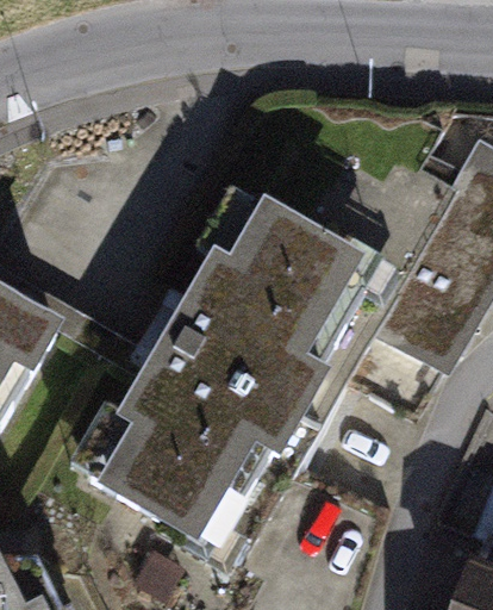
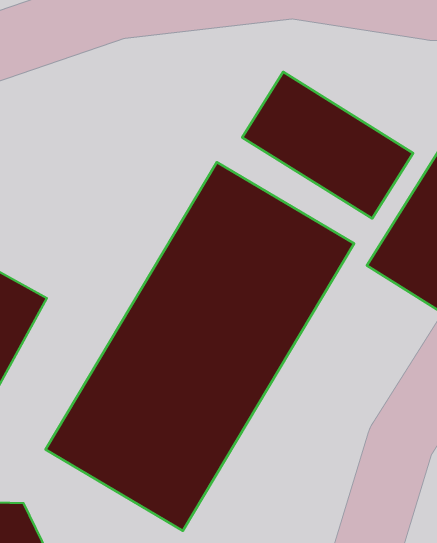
building: none -> [242,72,413,219]

